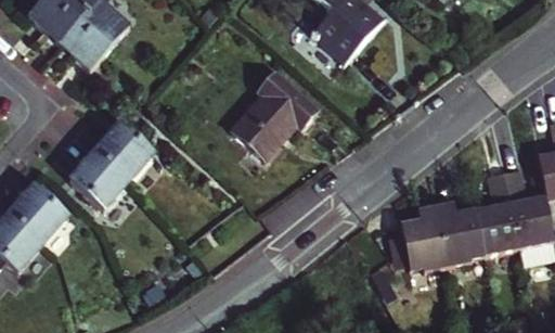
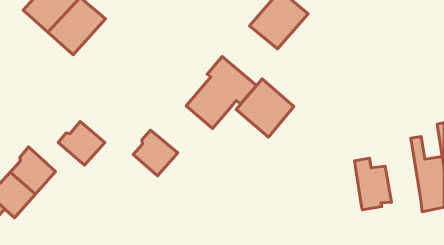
building: none -> [236,79,294,137]
building: [100,123,155,179] -> [133,130,178,176]
building: [477,174,520,253] -> none
building: [403,202,449,266] -> none

